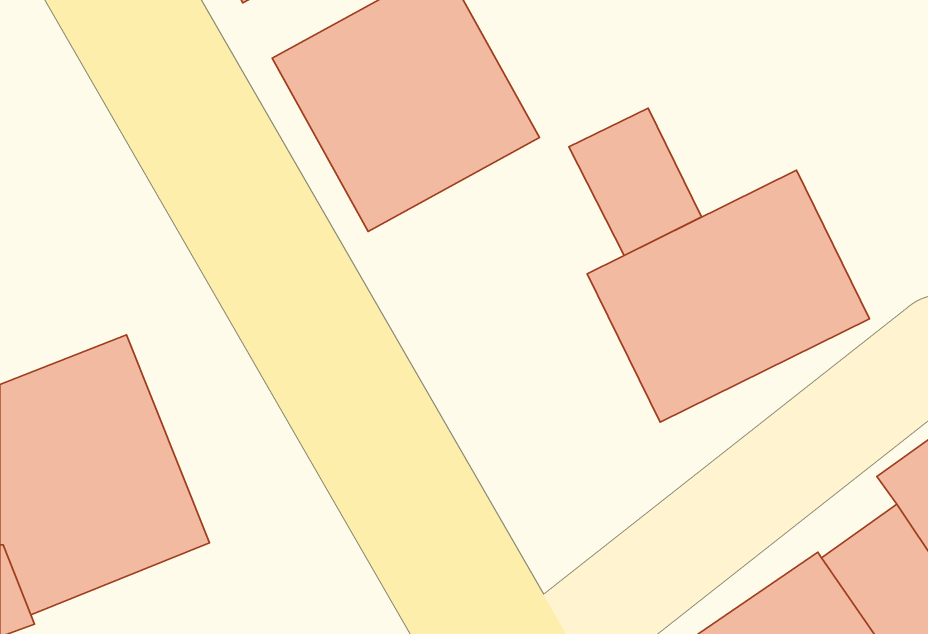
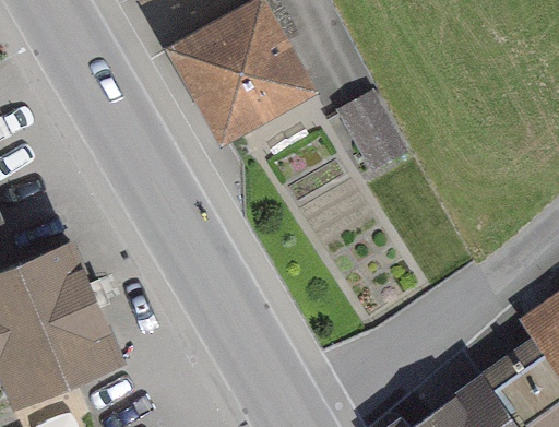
building: [587,170,869,422] -> none

